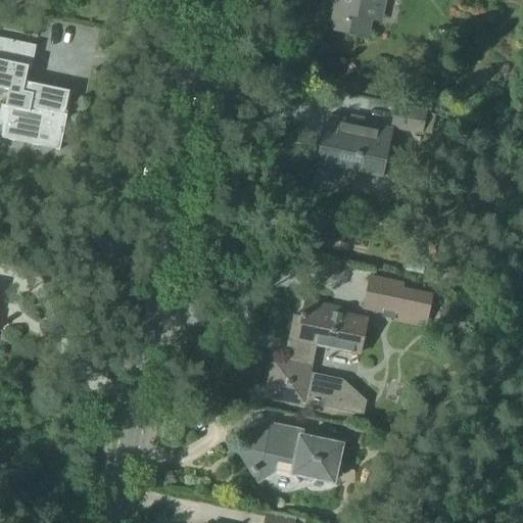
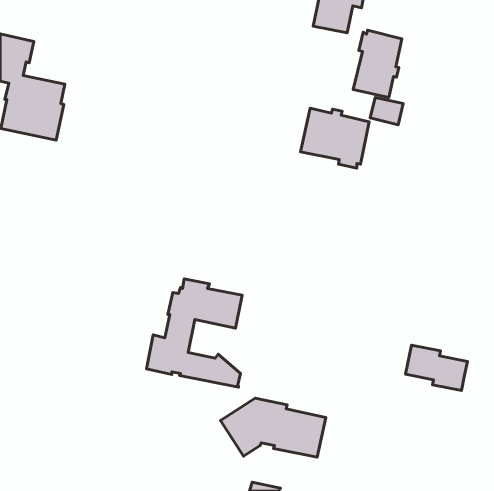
building: none -> [353,30,402,98]
building: [365,276,430,324] -> [406,345,467,391]
building: [266,299,367,414] -> [147,279,242,387]

